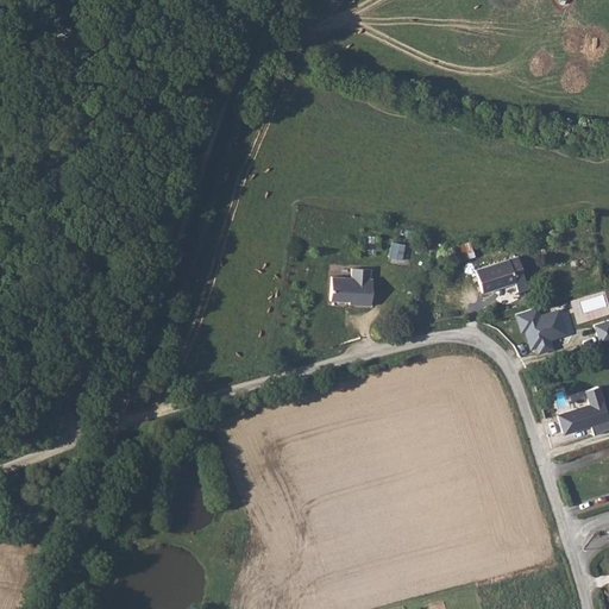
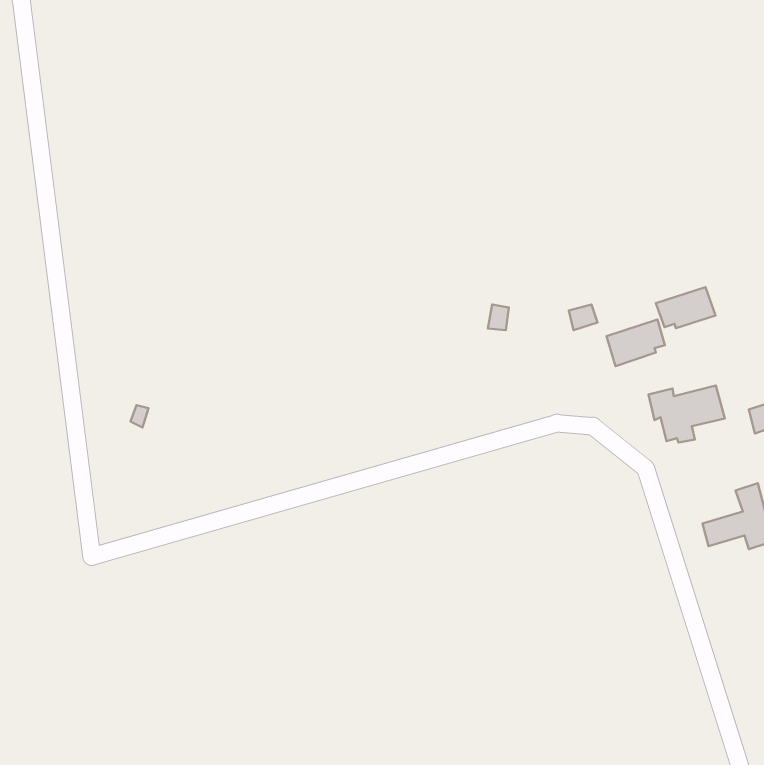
building: none -> [656,287,715,328]
building: [329,266,372,303] -> none

